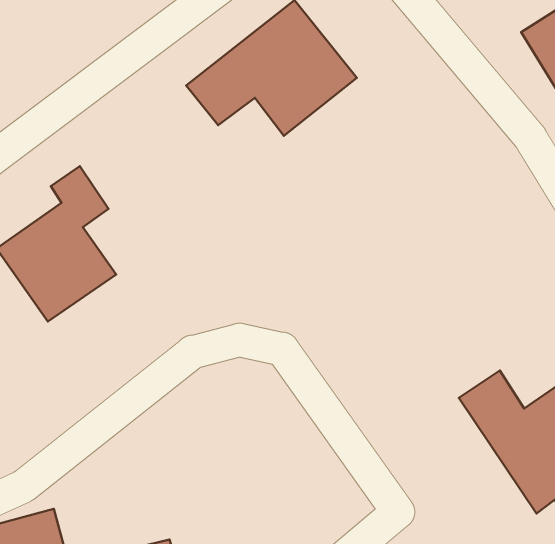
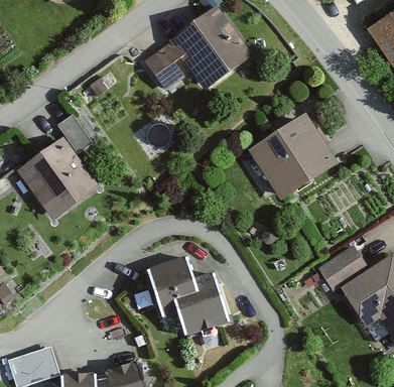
building: none -> [245,113,338,202]
building: none -> [145,254,228,341]

